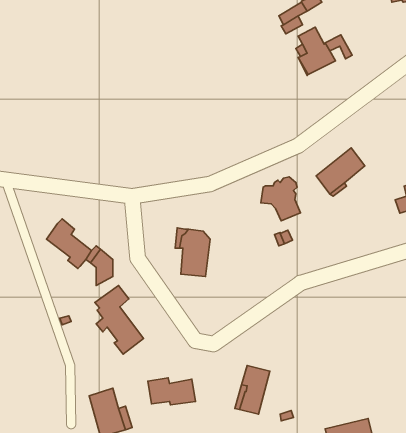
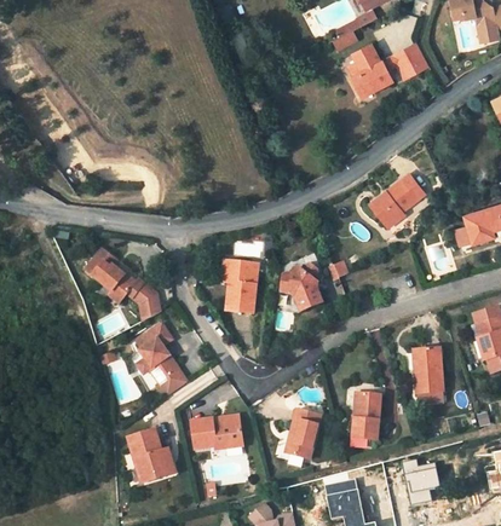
building: none -> [398,44,428,75]
building: [261,177,300,221] -> [278,262,321,310]
building: none -> [414,348,443,393]
building: none -> [351,393,380,440]

